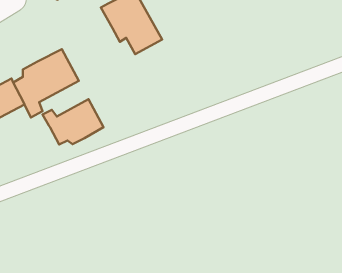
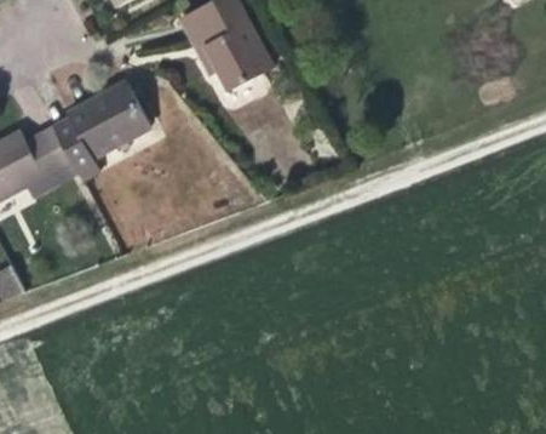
building: [42,99,104,145] -> none

